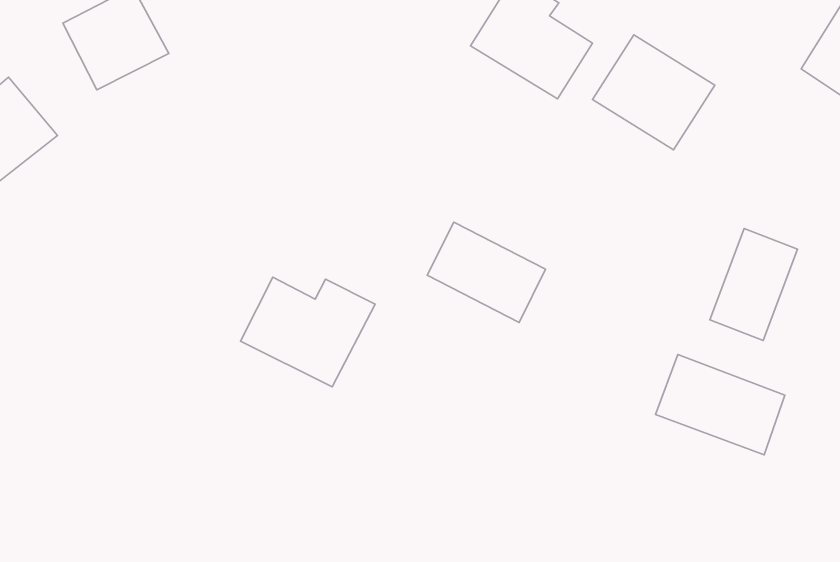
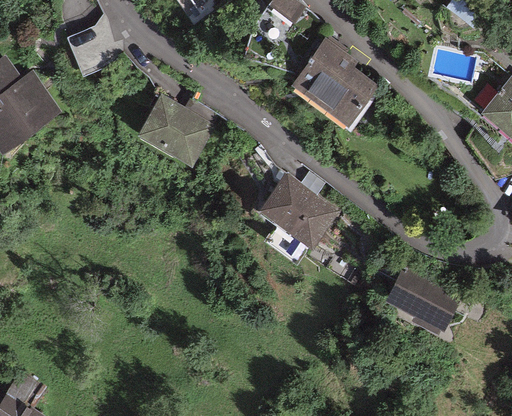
building: [593,35,715,150] -> none
building: [710,228,797,341] -> none
building: [240,277,375,387] -> [138,97,217,163]

